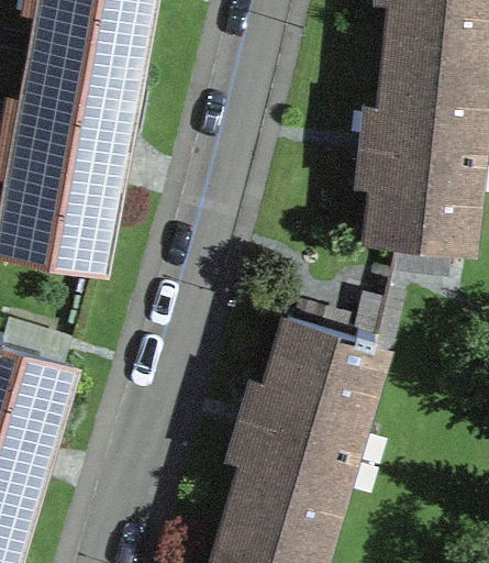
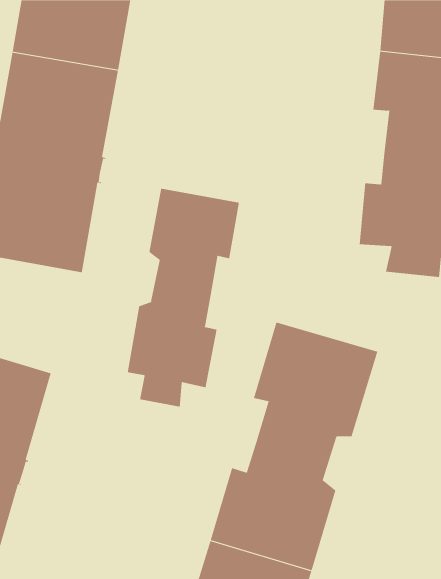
building: none -> [127,188,240,407]

